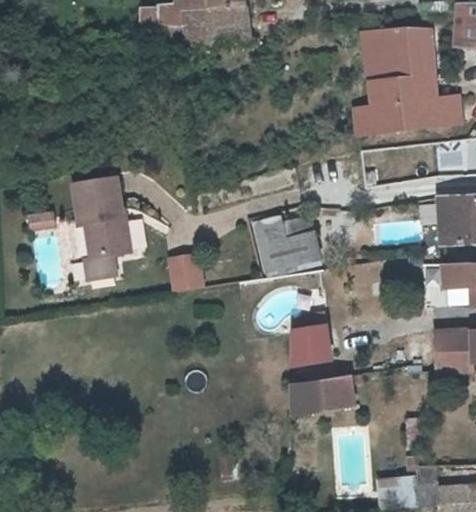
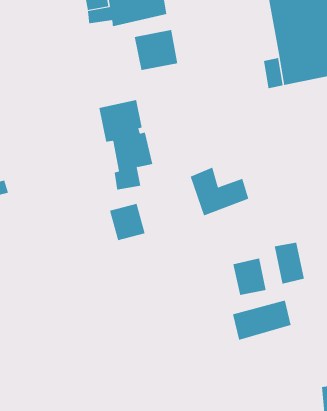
building: none -> [134,29,178,71]
building: [78,178,133,277] -> [98,100,153,190]
building: none -> [274,242,304,284]

